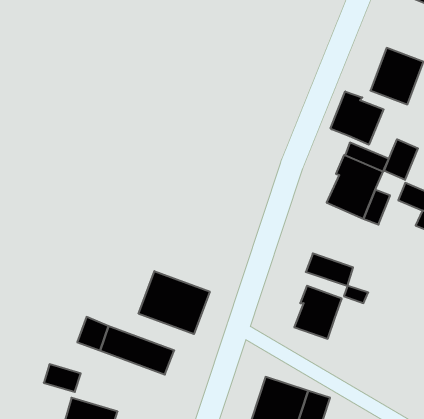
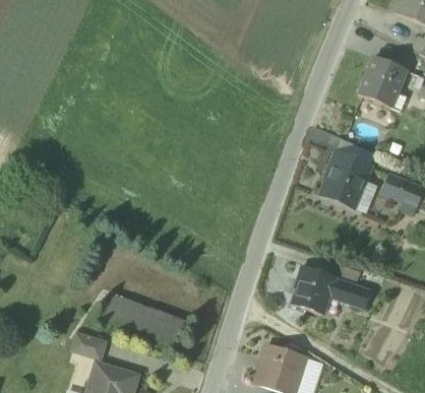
building: [331,91,384,145] -> none
building: [384,139,418,180] -> none
building: [306,253,353,286] -> [327,277,369,306]
building: [139,271,210,334] -> none

